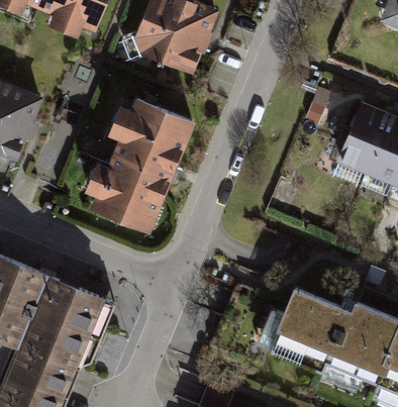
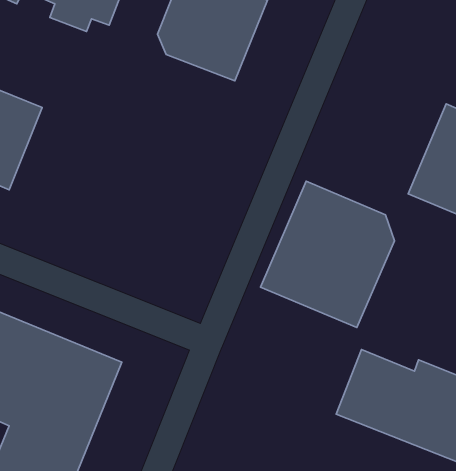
building: [84,99,193,232] -> none
building: none -> [261,181,395,327]

